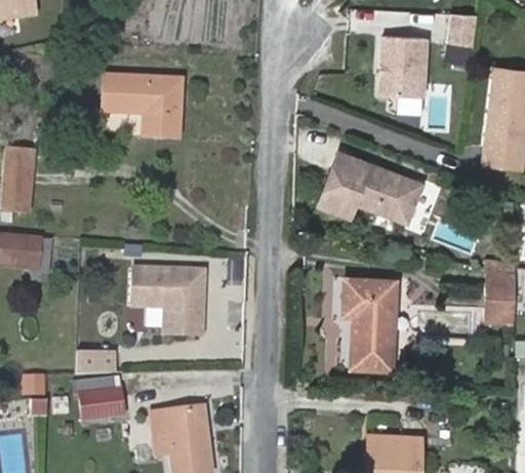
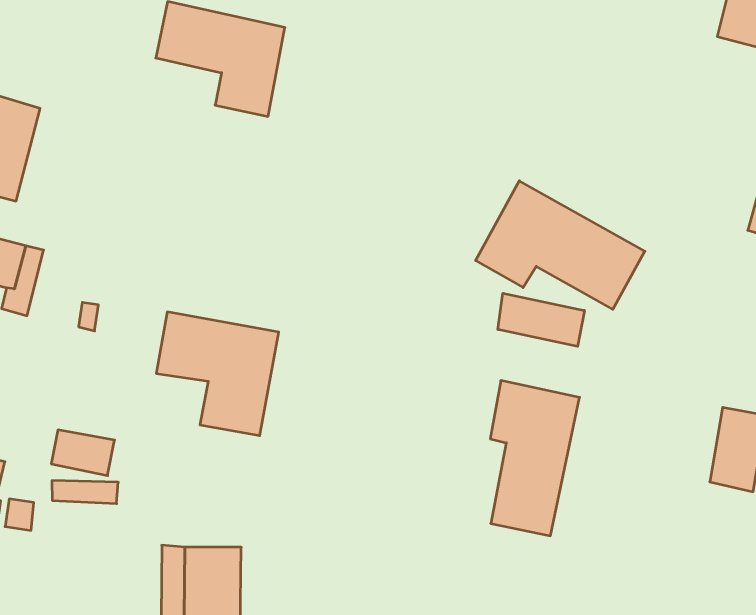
building: [378,36,430,101] -> none
building: none -> [498,293,584,346]
building: [79,389,123,419] -> none

